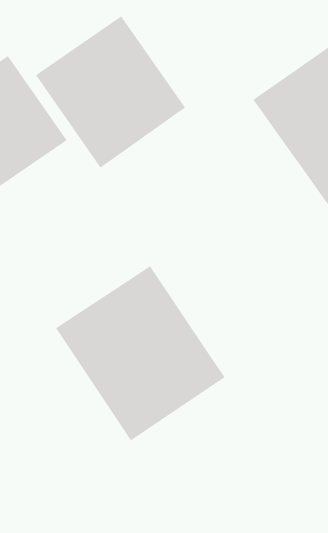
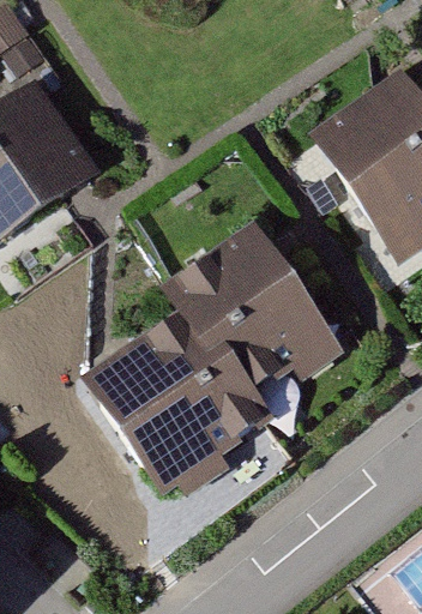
building: [35,16,186,169] -> none
building: none -> [174,223,343,403]

